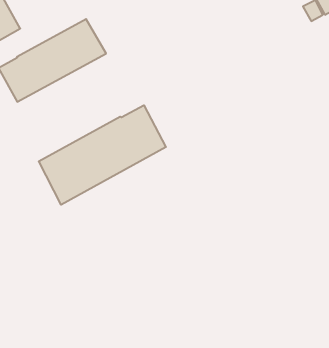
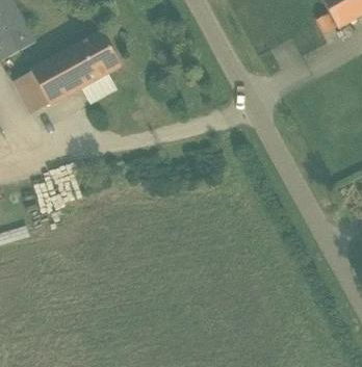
building: [39,105,166,205] -> none

